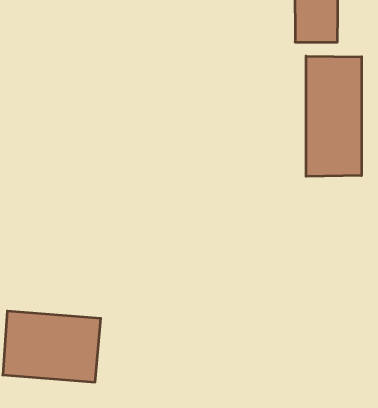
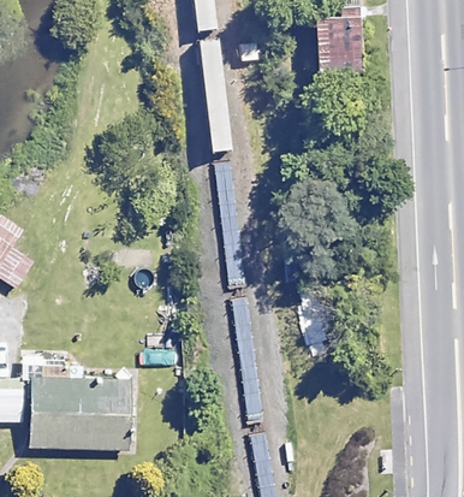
building: [306,56,362,176] -> none

